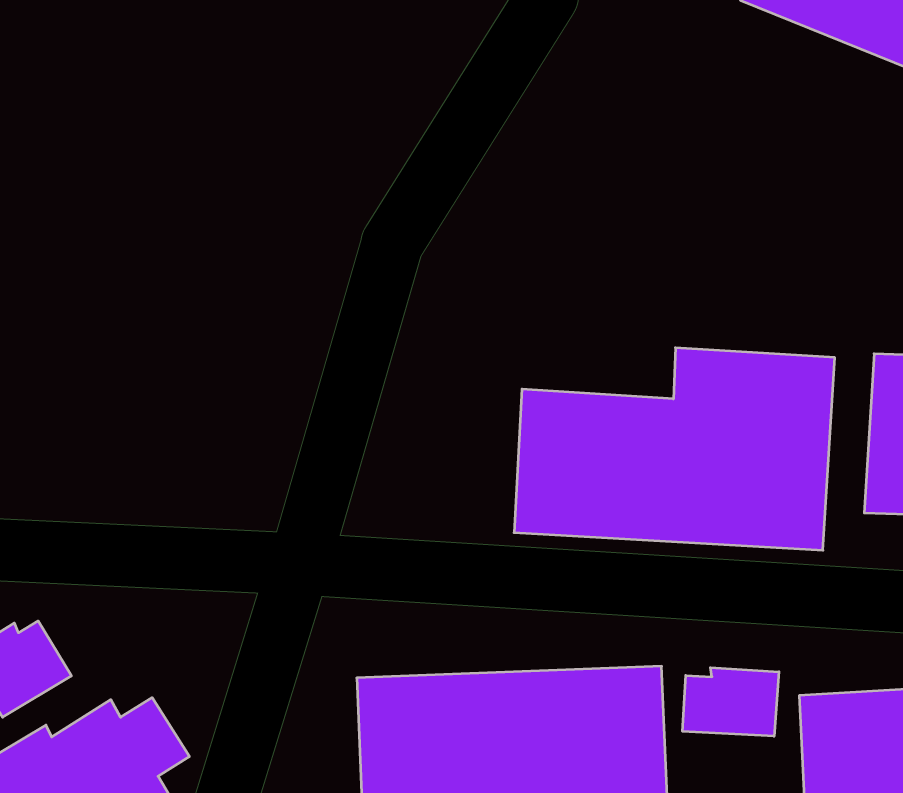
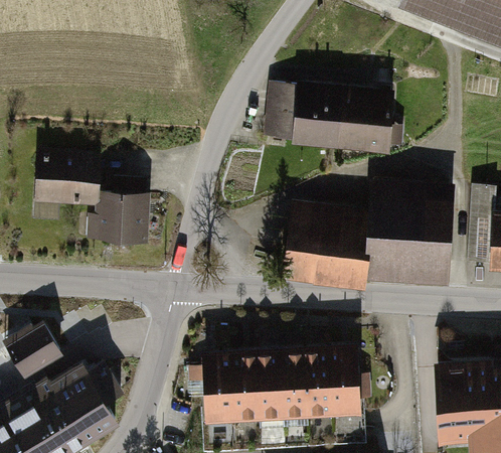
building: none -> [265,85,405,156]
building: none -> [33,150,153,246]
building: [683,668,779,736] -> none

